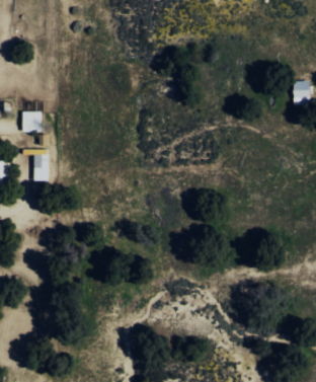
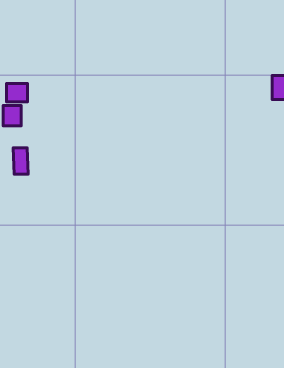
building: none -> [6,84,28,102]

